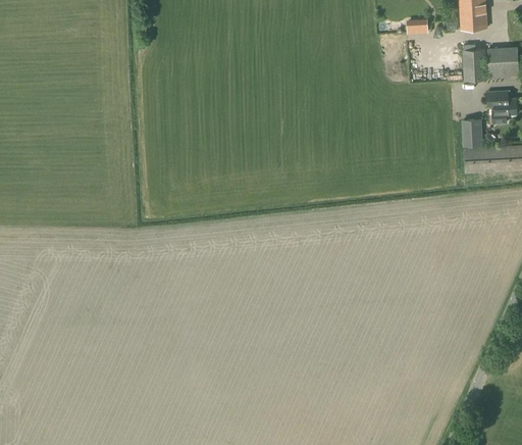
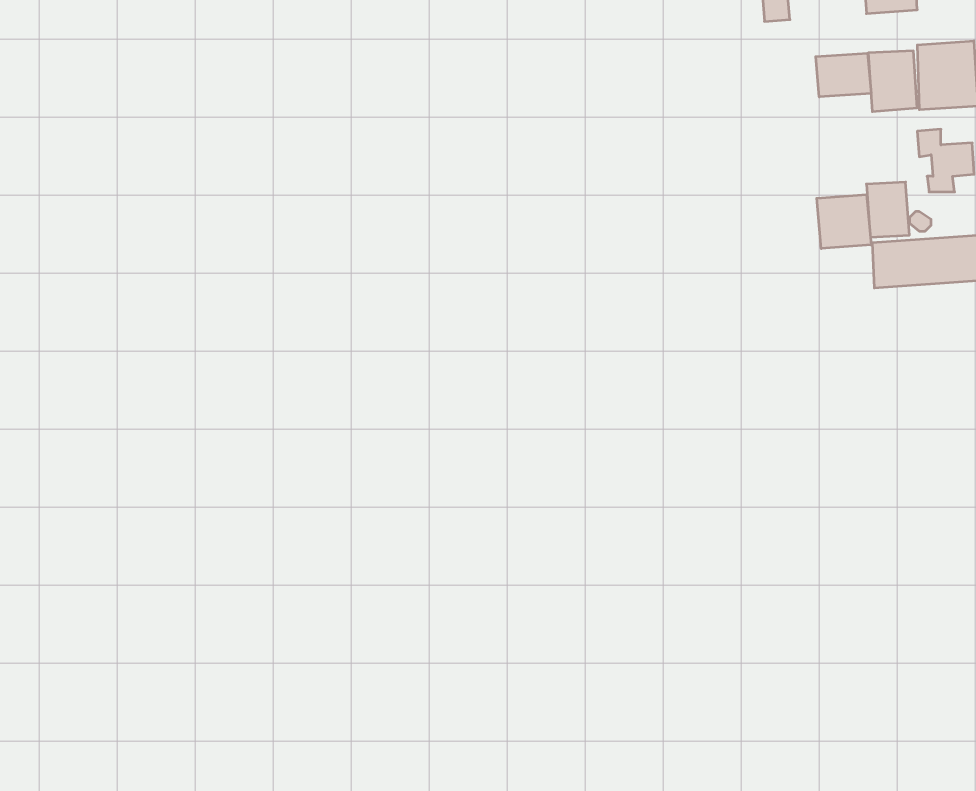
building: none -> [816,53,871,97]
building: none -> [817,195,871,249]

